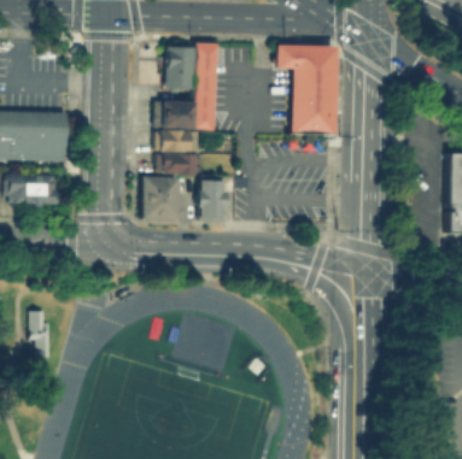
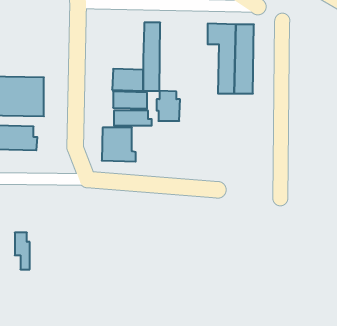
building: [168,46,197,88] -> none
building: [199,180,229,218] -> [157,91,180,121]

